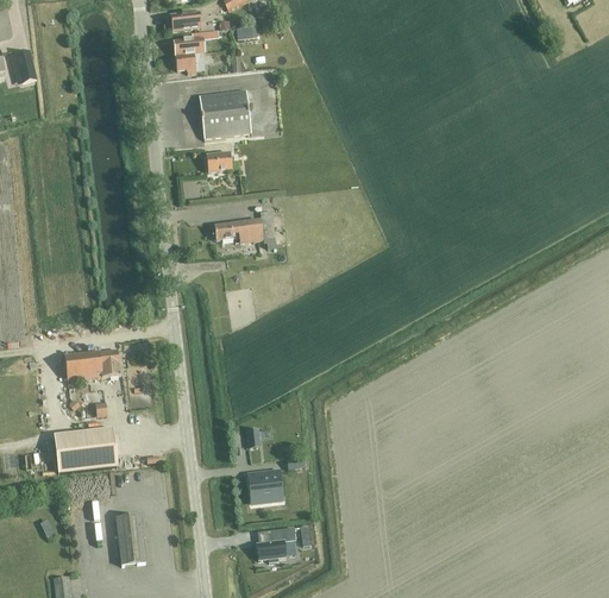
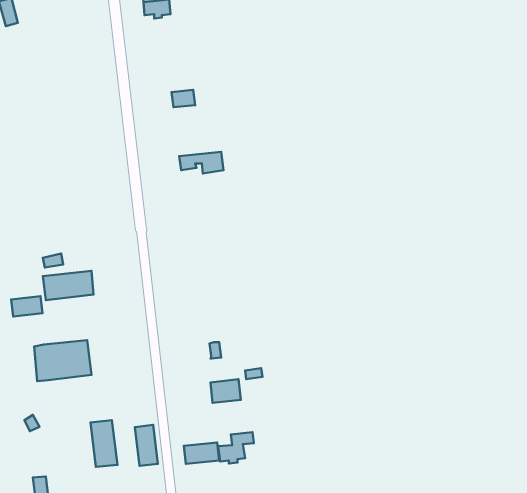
building: [197,90,250,138] -> none
building: none -> [11,296,43,316]
building: none -> [135,425,158,466]
building: none -> [184,442,219,464]

